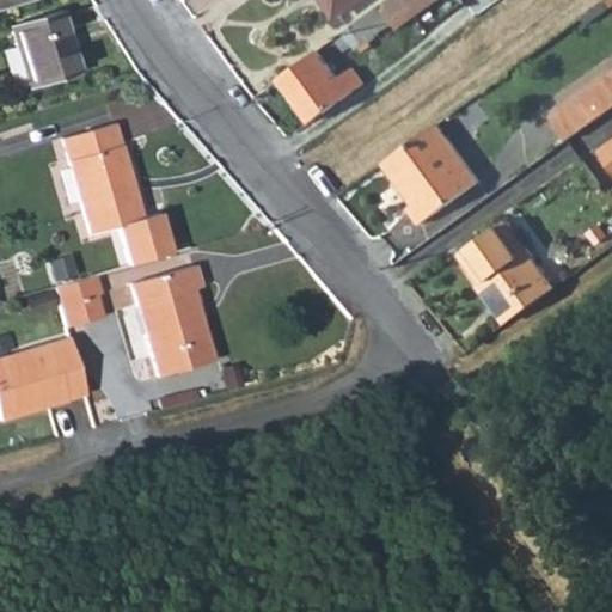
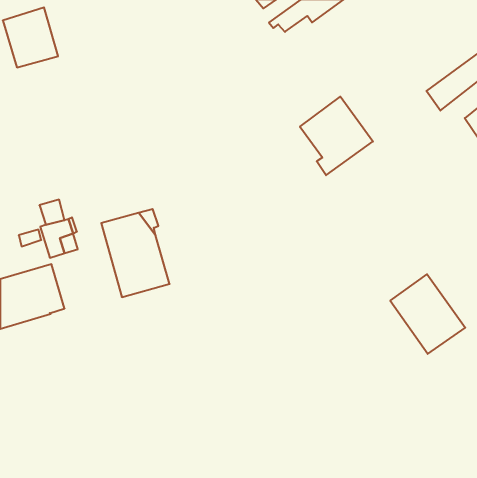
building: [281,48,366,118] -> none
building: [62,124,173,268] -> none
building: [458,220,553,322] -> [390,274,465,354]

